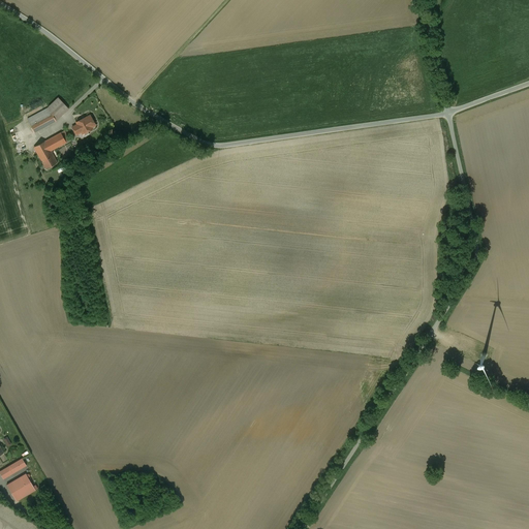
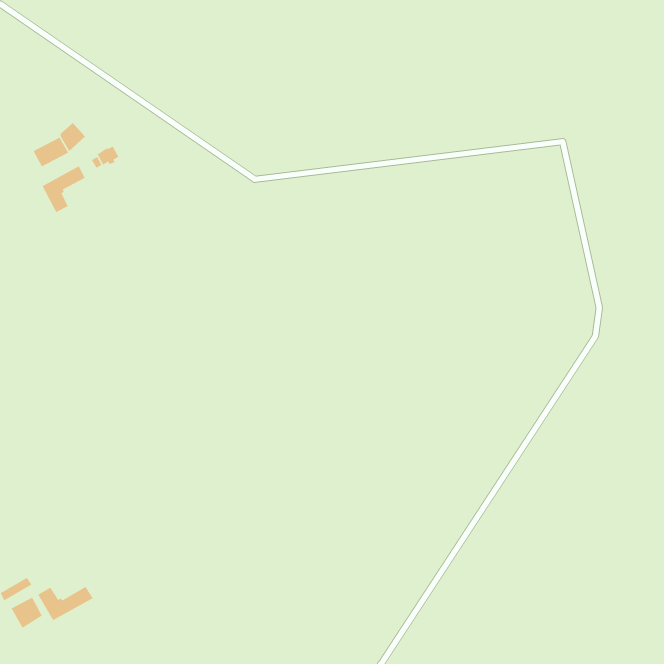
building: none -> [37,586,94,621]

